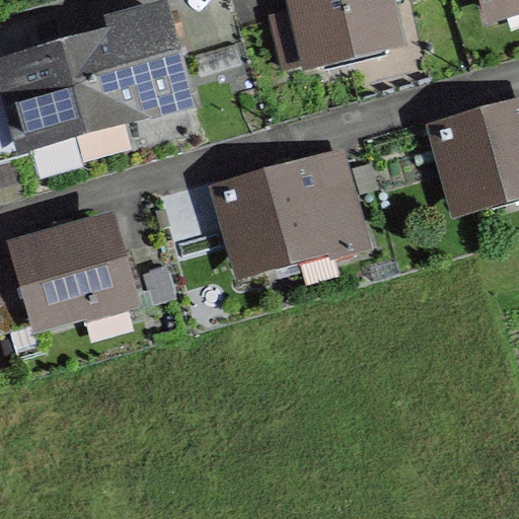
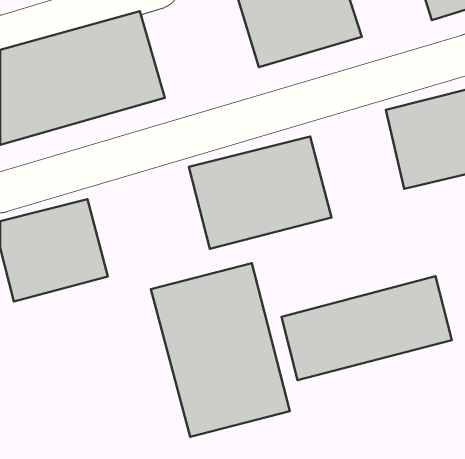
building: none -> [151,263,290,437]
building: none -> [282,276,452,380]

